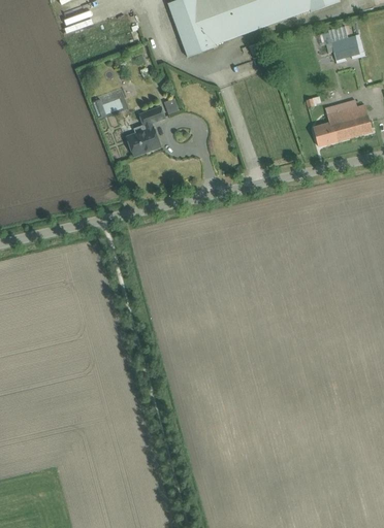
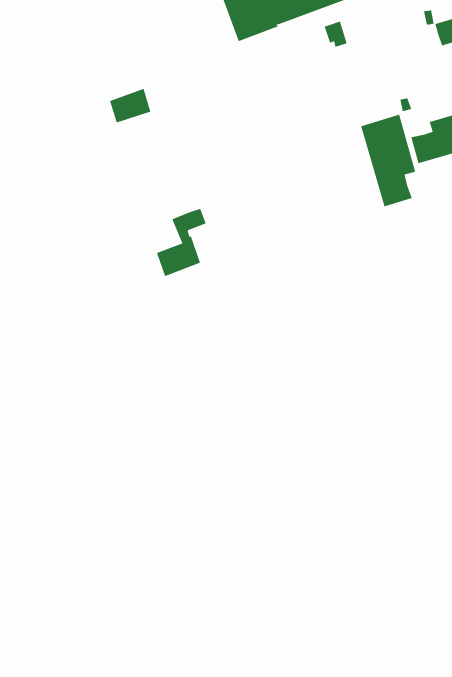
building: [128,105,165,156] -> [156,208,207,277]
building: none -> [361,114,416,207]

